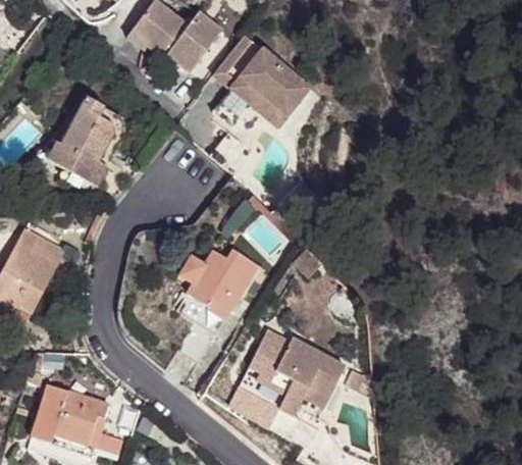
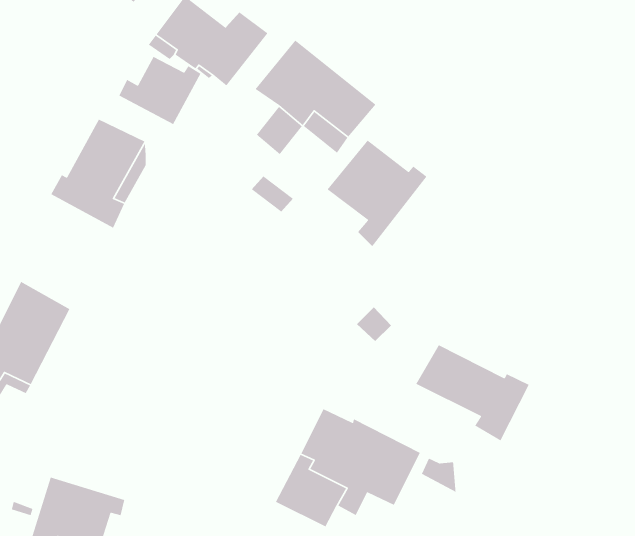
building: none -> [118,56,201,125]
building: none -> [326,140,428,247]
building: [180,249,256,328] -> none
building: none -> [415,344,530,441]

